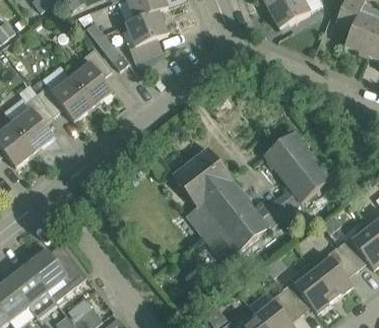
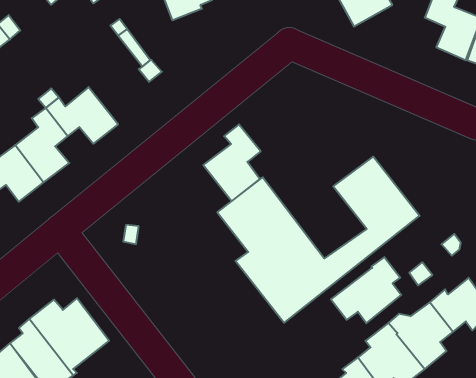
building: [122,14,168,61] -> none
building: [70,47,113,106] -> none
building: none -> [203,124,261,201]
building: none -> [331,257,401,323]

